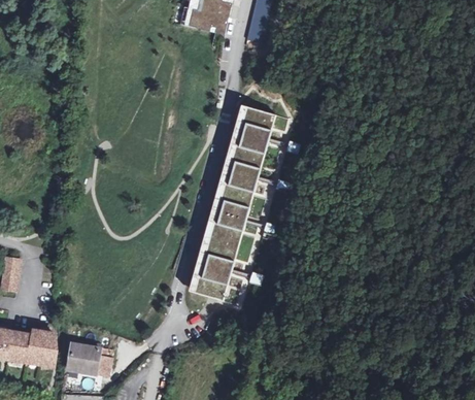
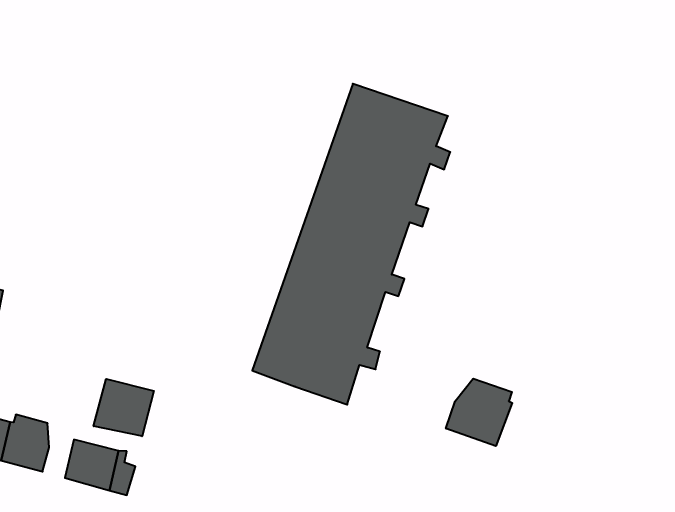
building: none -> [446,379,512,446]
building: none -> [94,379,154,436]

